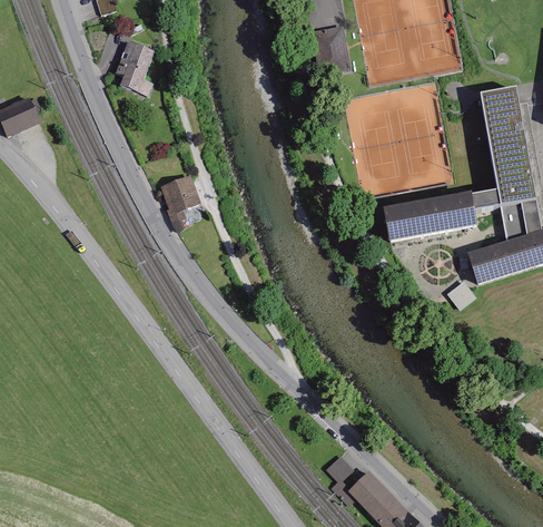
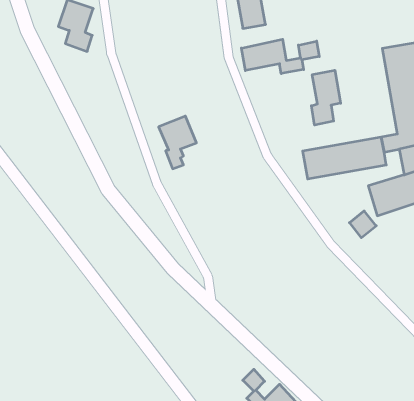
building: none -> [241,39,319,74]
building: none -> [311,70,341,125]
building: [165,174,207,233] -> [159,116,196,169]

